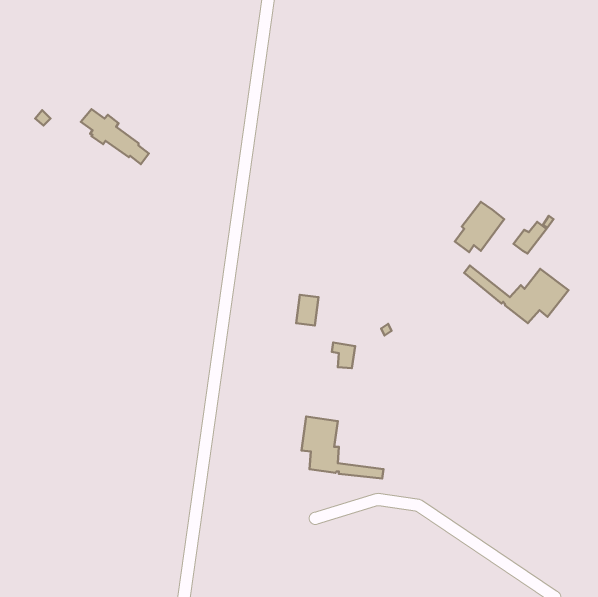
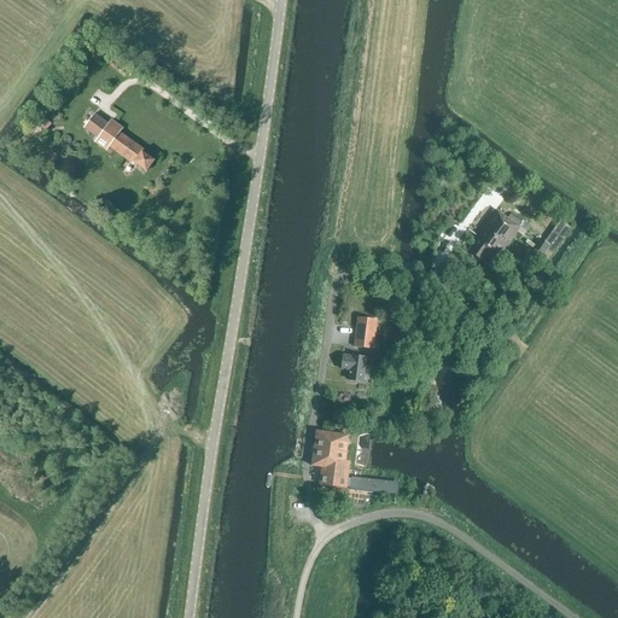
building: [464,266,568,323] -> none
building: [296,295,318,325] -> [355,316,378,348]

